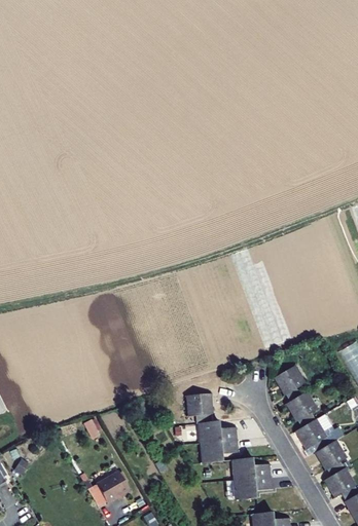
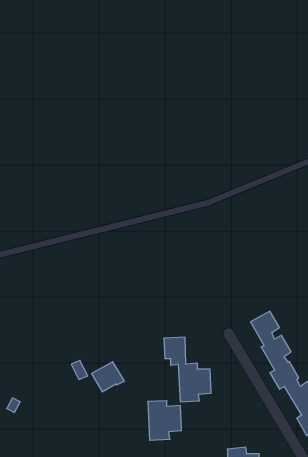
building: [232,458,268,500] -> [148,401,181,440]
building: [98,467,133,499] -> [92,362,124,392]

